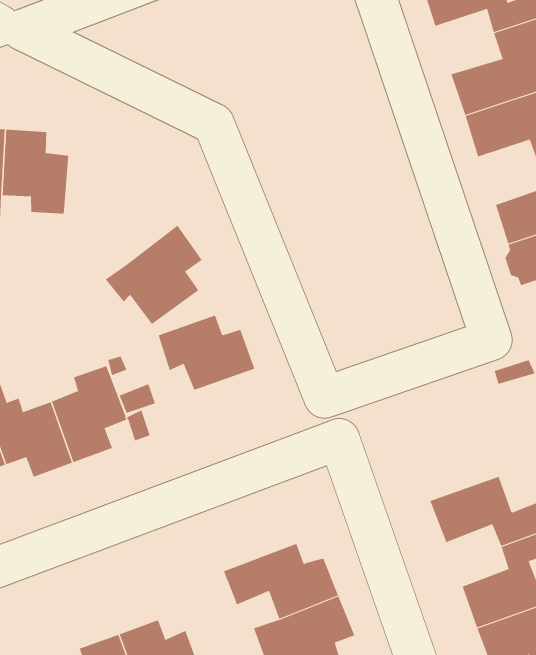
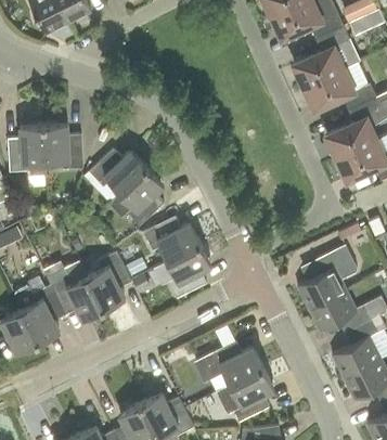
building: none -> [89,148,147,193]
building: none -> [154,244,211,298]
building: none -> [297,246,356,308]

